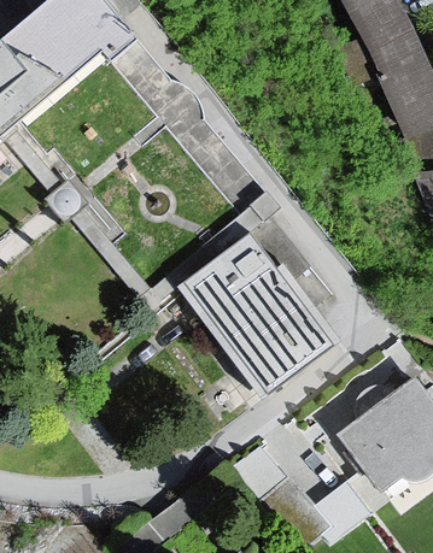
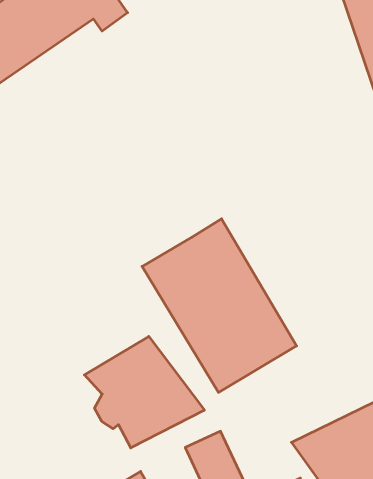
building: none -> [84,336,204,448]

